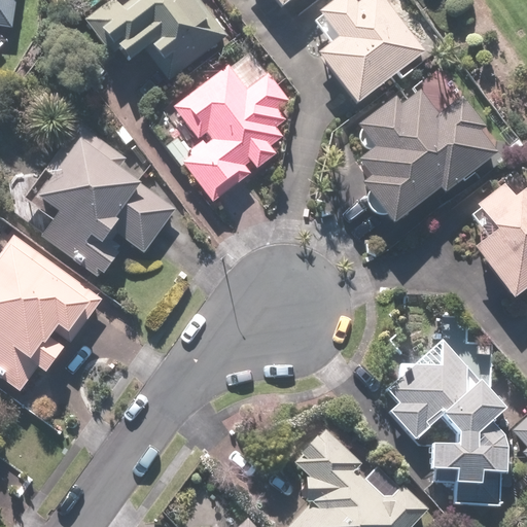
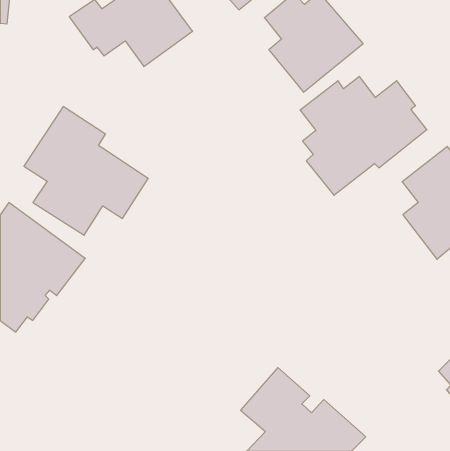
building: [170,65,289,204] -> none
building: [374,333,503,505] -> none

